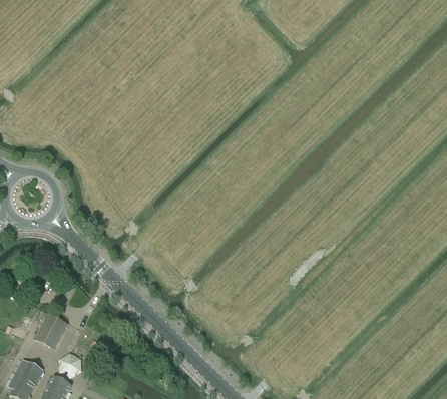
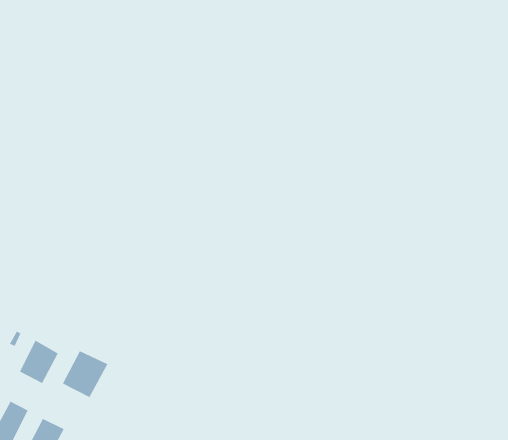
building: none -> [62,350,108,398]

